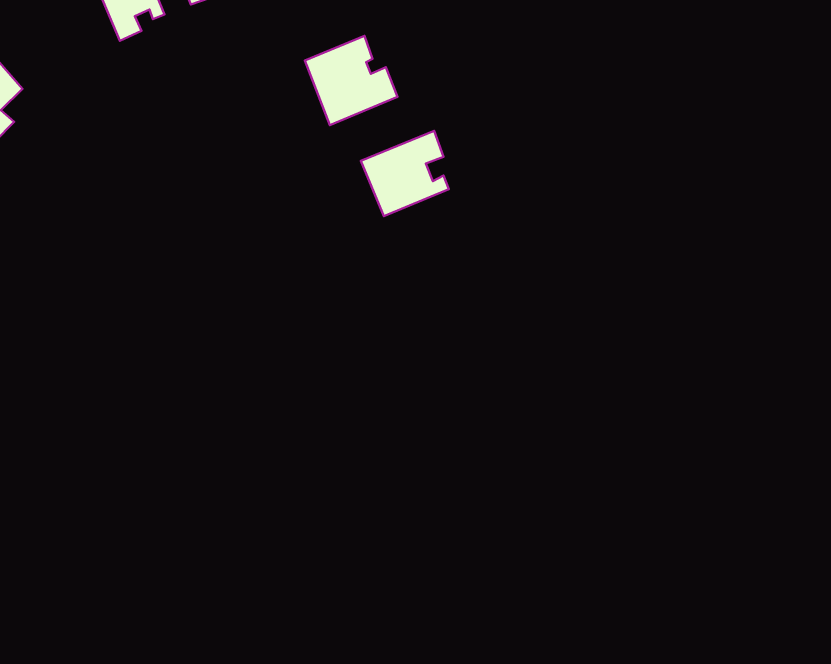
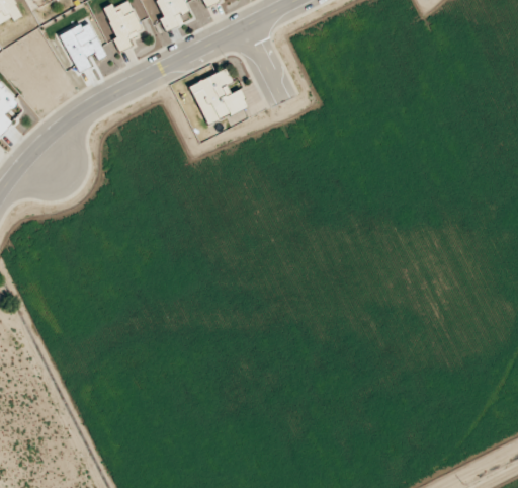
building: [361,131,449,216] -> none

